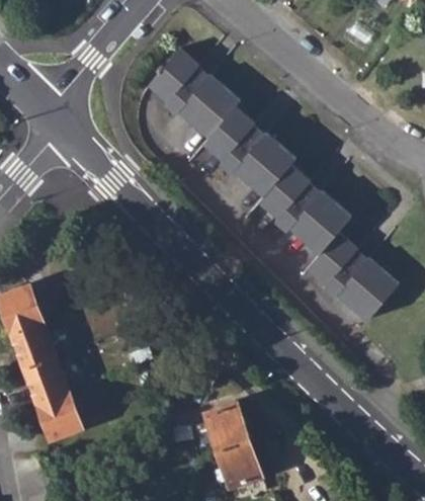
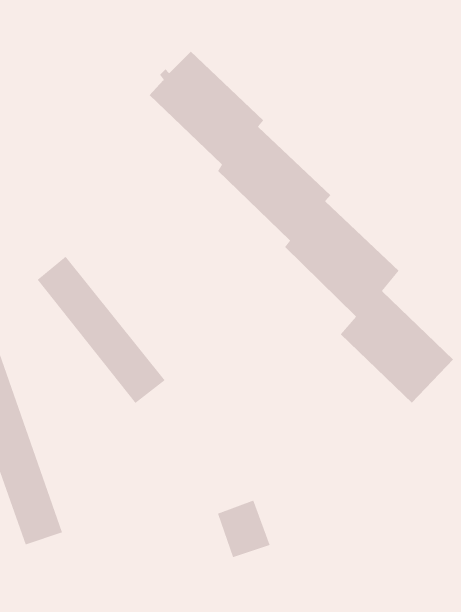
building: none -> [37,256,165,404]
building: [217,440,260,488] -> none

